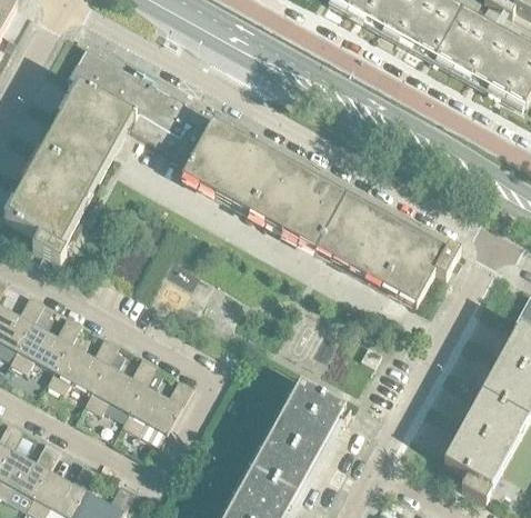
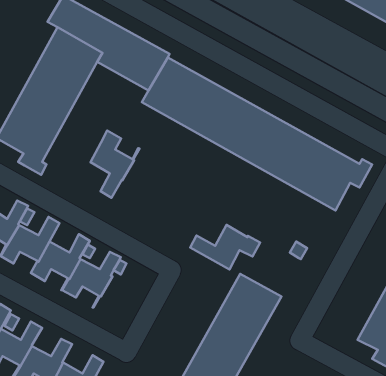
building: none -> [90,130,140,198]
building: none -> [190,225,260,269]
building: [121,377,192,434] -> none

